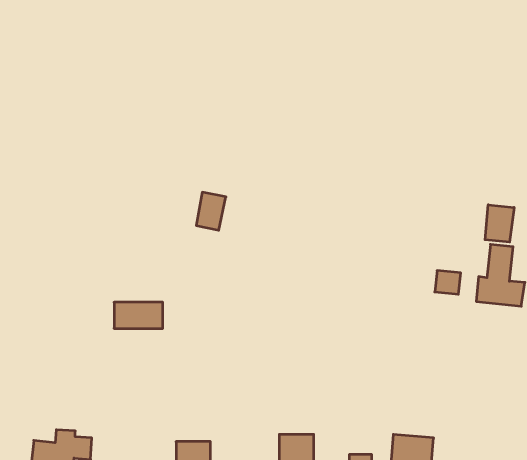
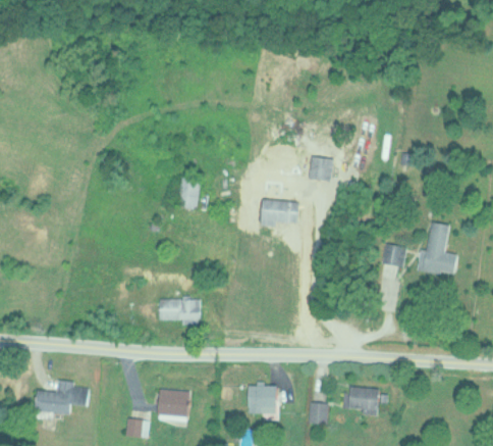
building: none -> [309,155,332,181]
building: [485,205,514,242] -> none
building: none -> [260,198,297,225]
building: [114,302,163,328] -> [158,299,200,321]

